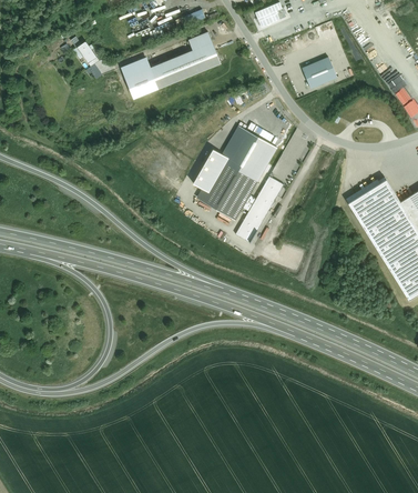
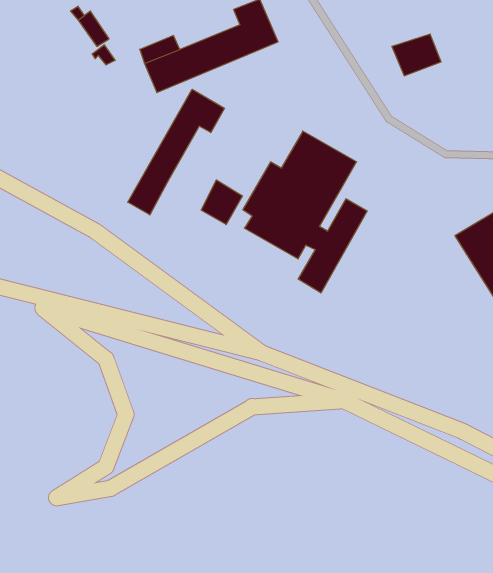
building: none -> [128,89,224,215]
building: none -> [201,180,242,225]

